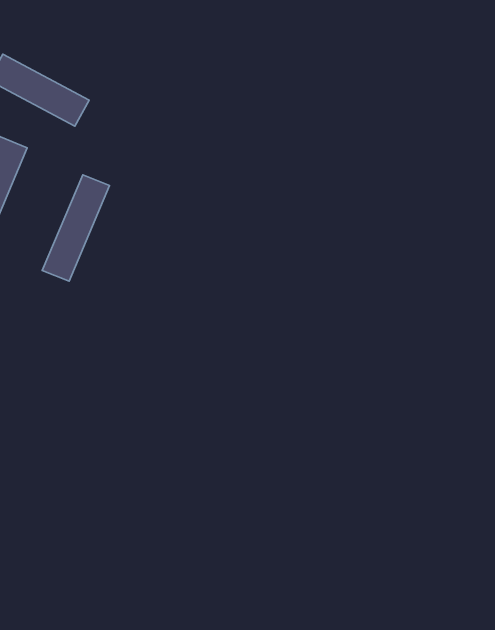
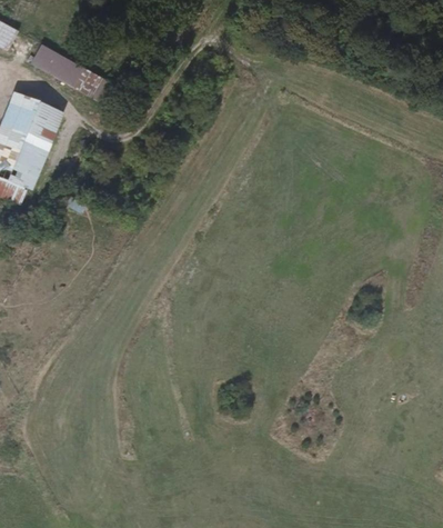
building: [42,175,110,281] -> none

